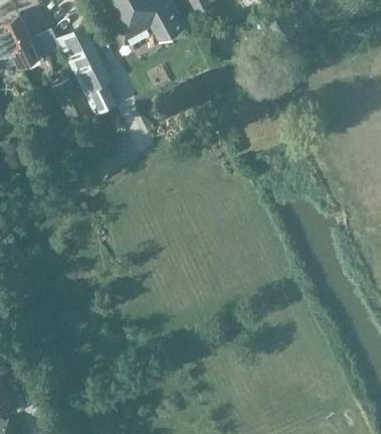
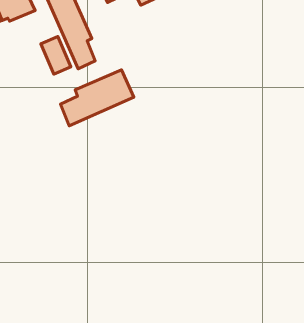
building: none -> [60,70,134,126]

